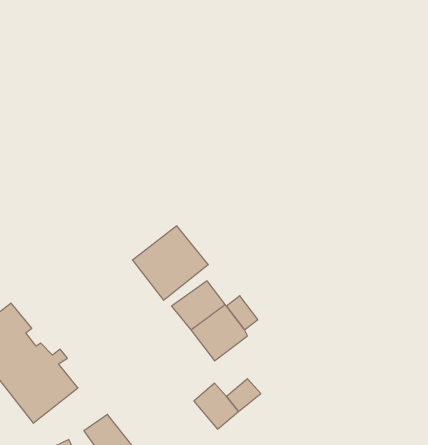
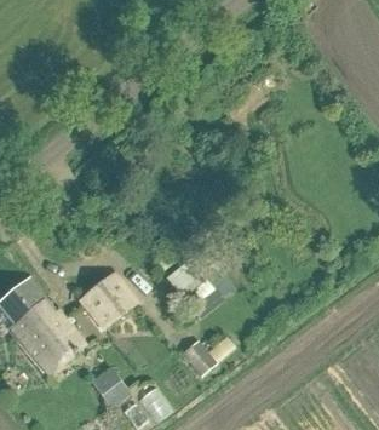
building: [132,226,208,300] -> [75,271,137,332]

